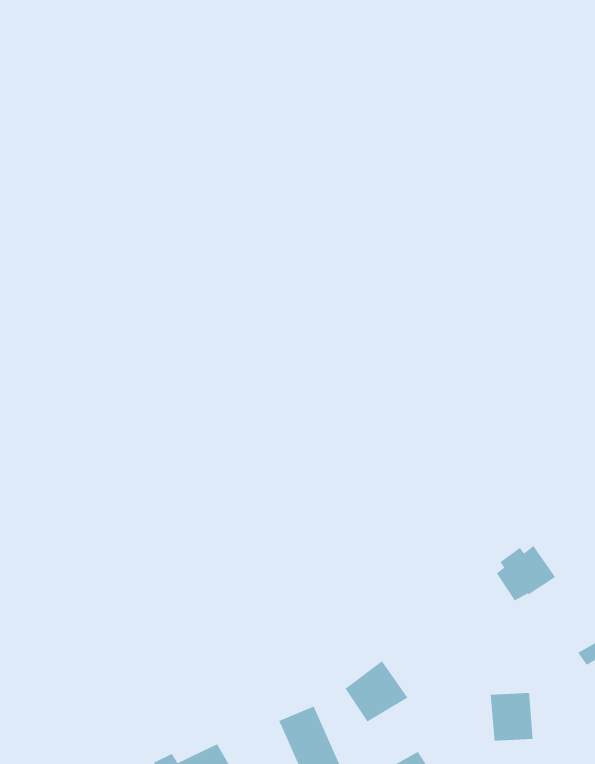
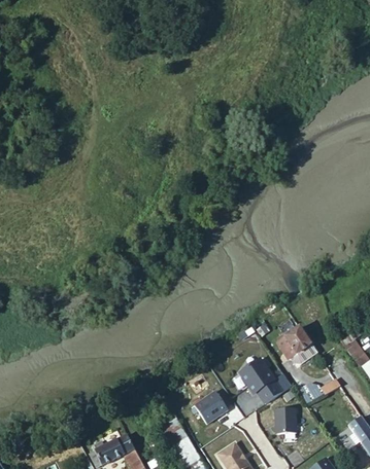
building: none -> [240,357,292,405]

